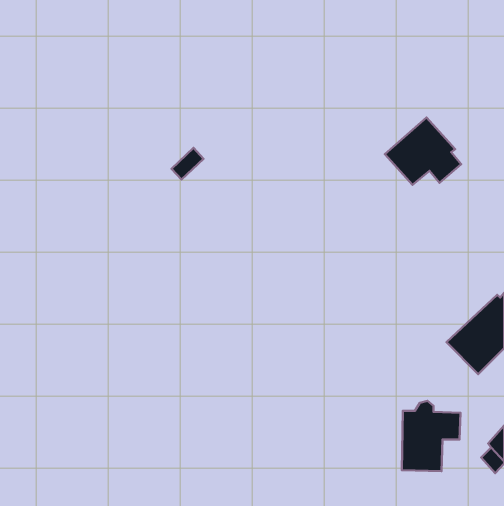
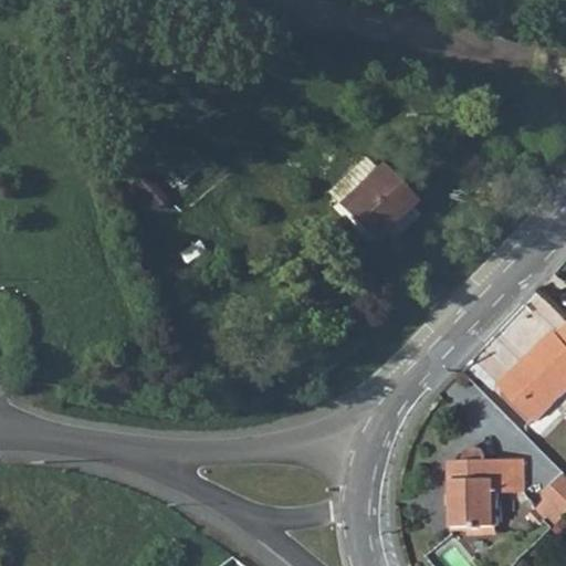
building: [385,117,461,185] -> [342,165,427,240]

